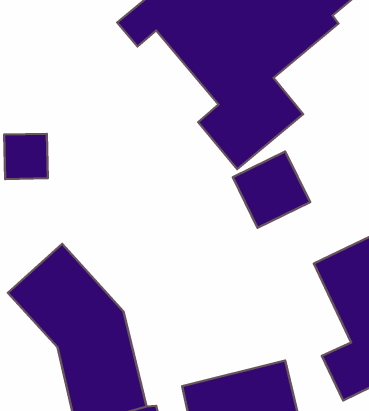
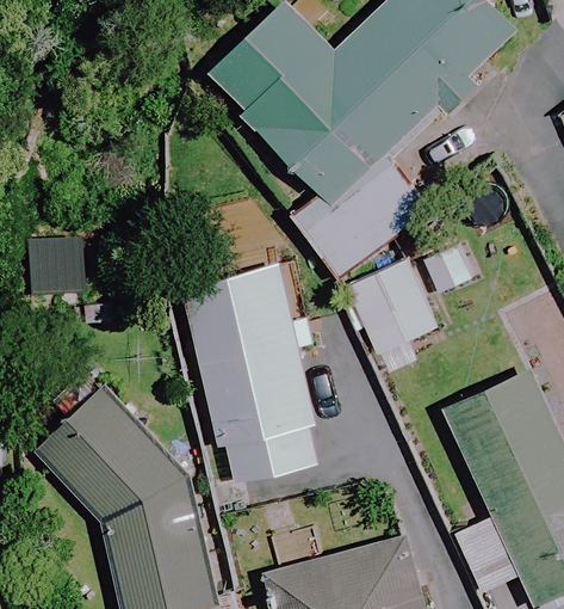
building: none -> [181,263,322,485]

